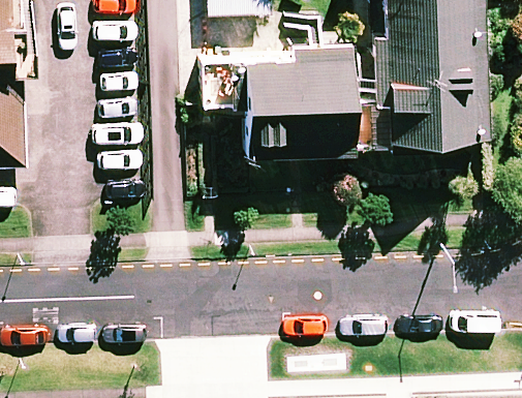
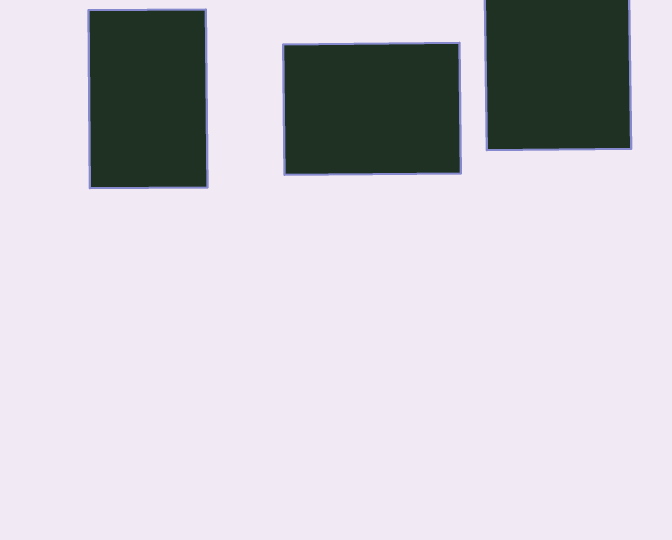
building: none -> [88,9,208,188]

